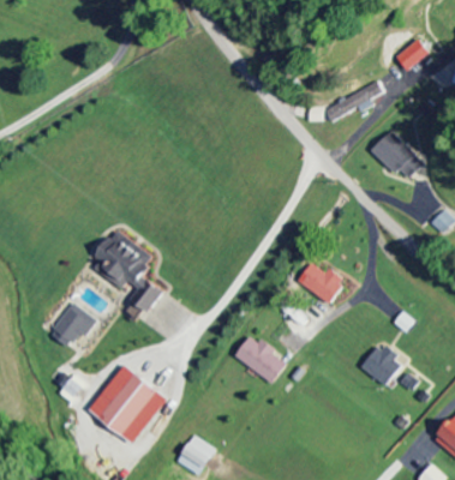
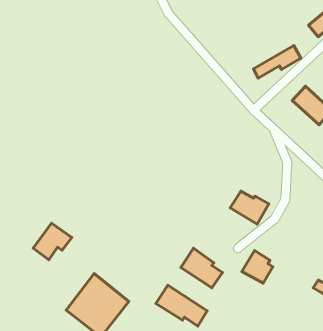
building: [95,229,163,312] -> none
building: [360,343,399,384] -> [242,250,273,283]
building: none -> [156,285,207,326]

